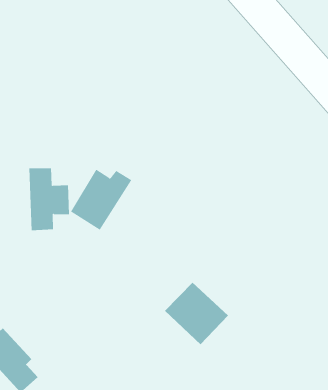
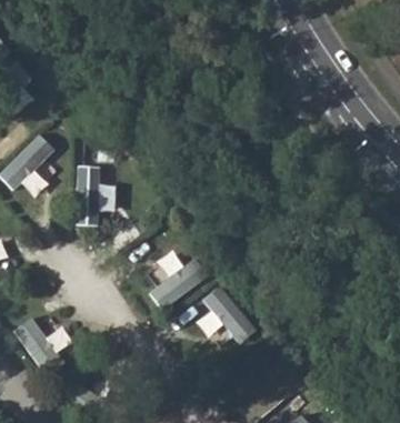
building: [70,169,132,230] -> [144,254,207,313]

